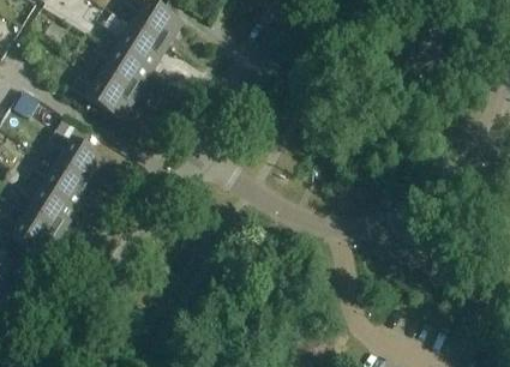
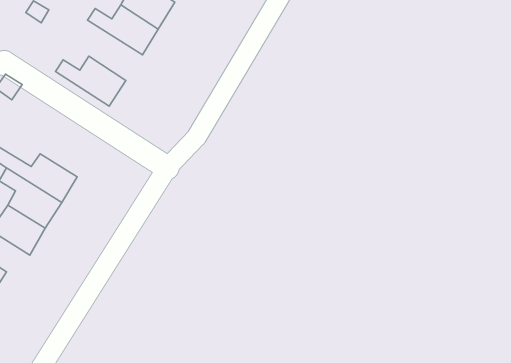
building: [94,40,152,96] -> none
building: [48,118,107,186] -> none

